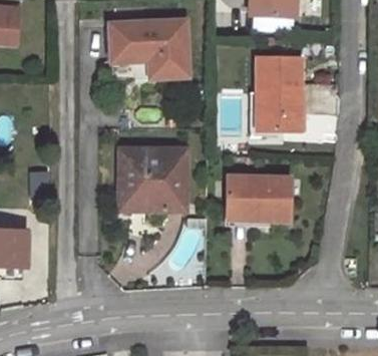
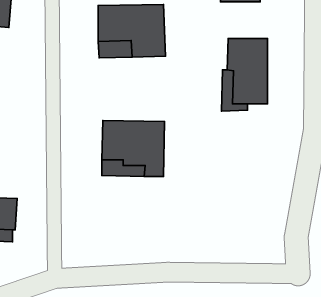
building: [227,175,291,213] -> none

